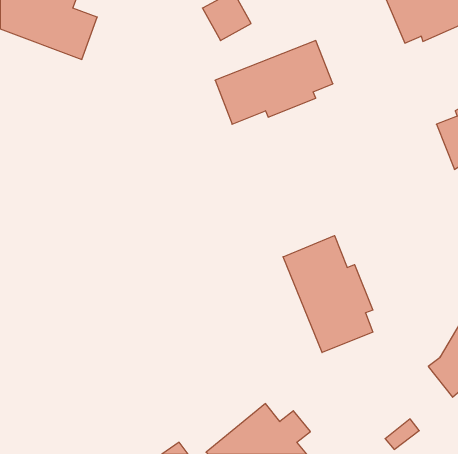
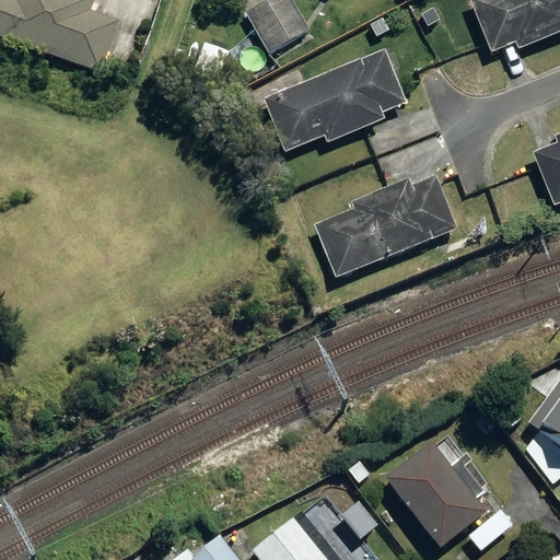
building: none -> [314,174,458,277]
building: [283,236,373,353] -> none
building: none -> [383,431,488,545]

